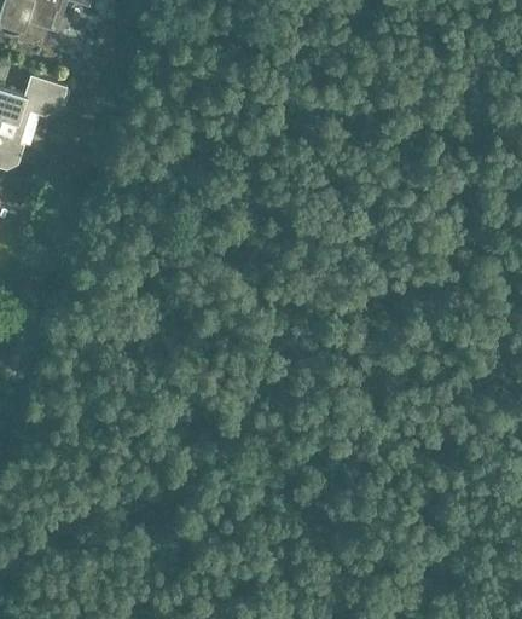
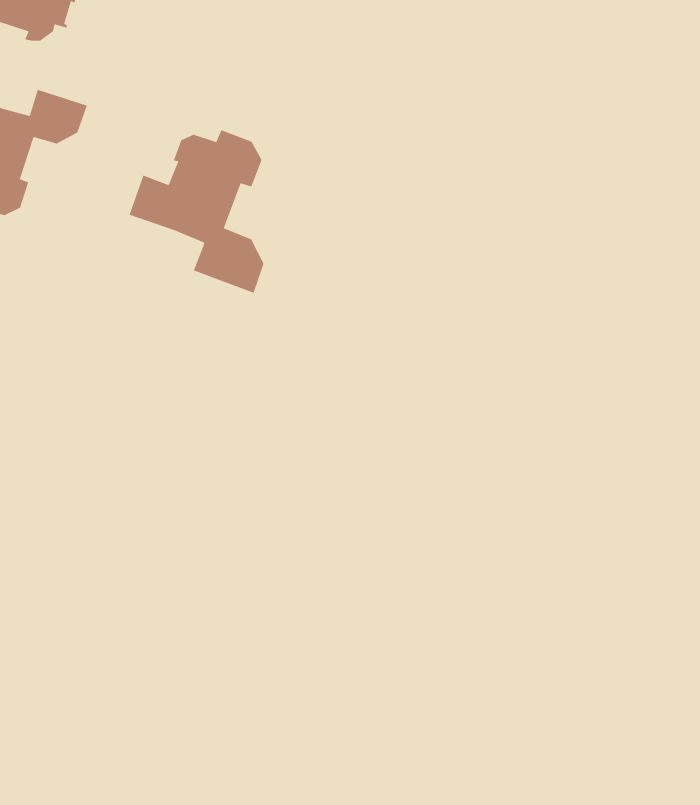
building: none -> [129,129,265,294]

